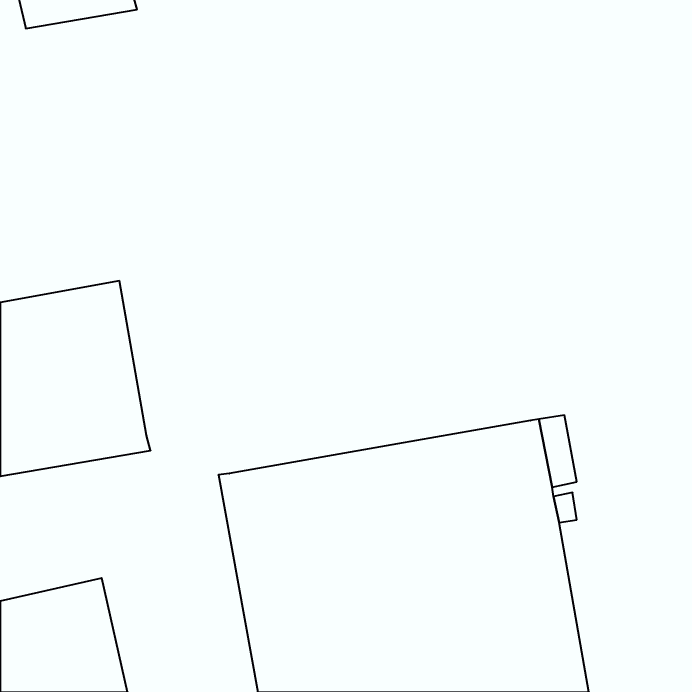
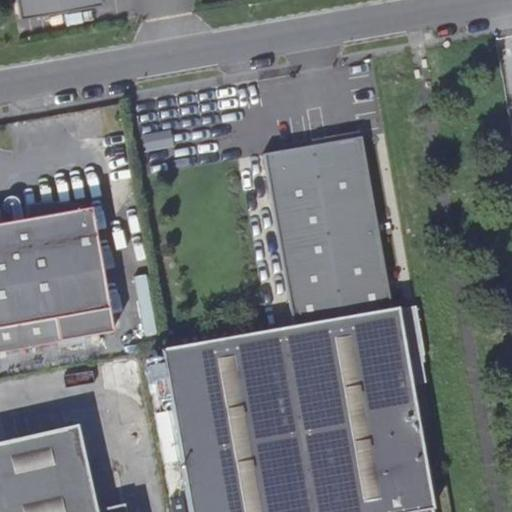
building: none -> [264,138,392,327]

